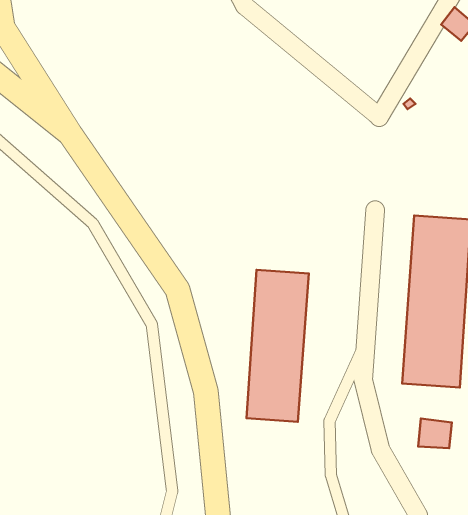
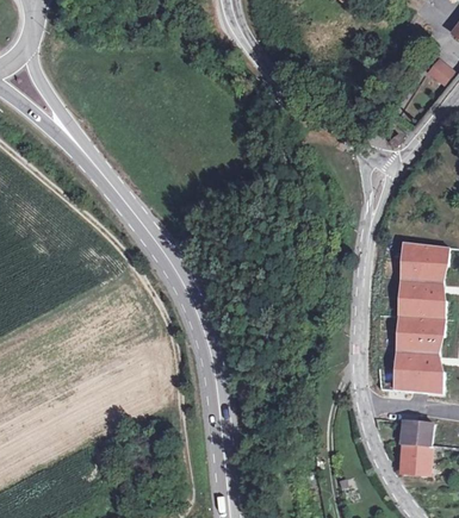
building: [246,270,309,422] -> none
building: none -> [402,445,432,475]

